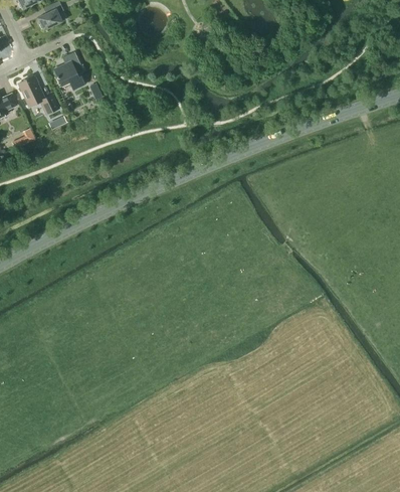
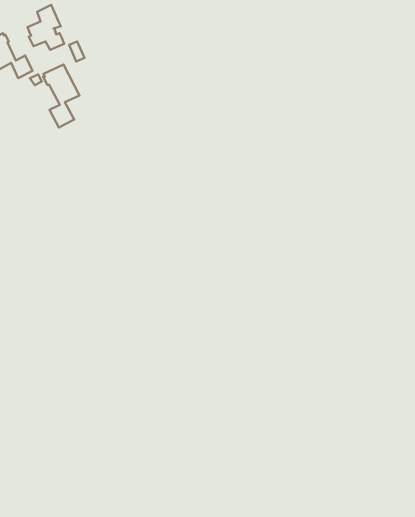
building: none -> [43,64,80,127]

